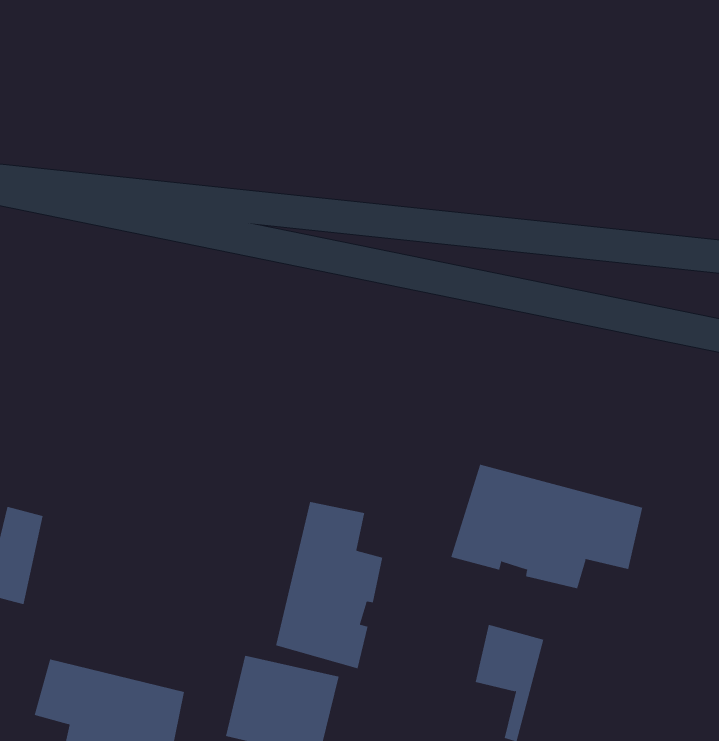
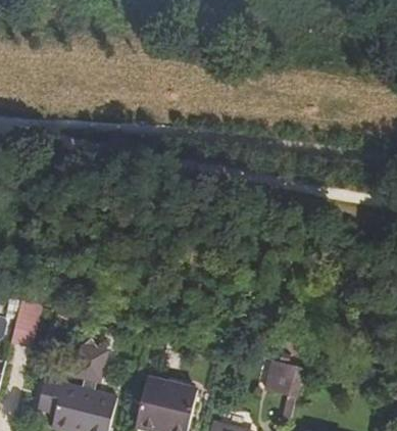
building: [451,464,643,589] -> none
building: [275,501,383,669] -> none

